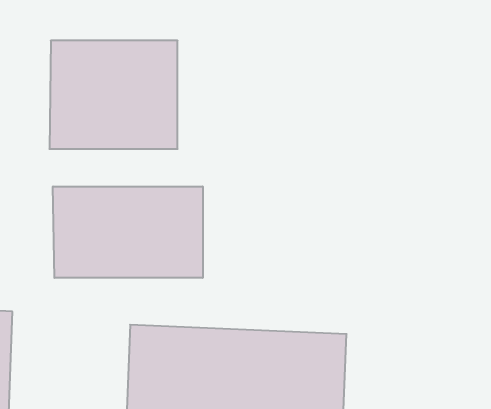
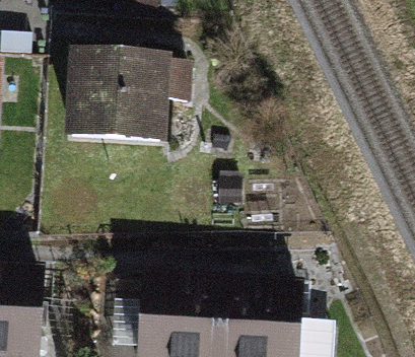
building: [53,186,203,278] -> none

